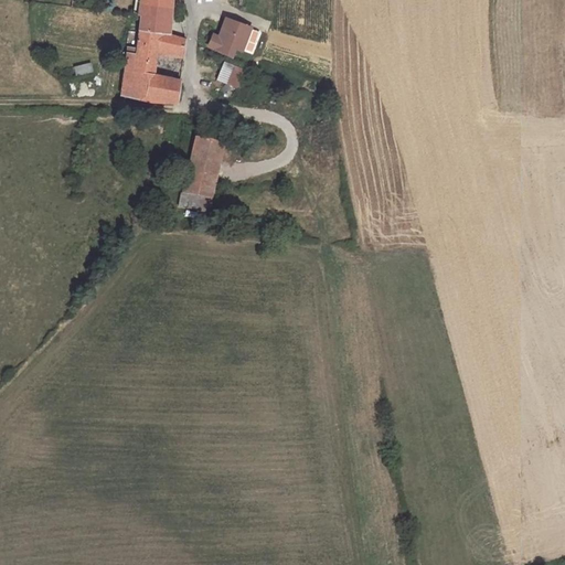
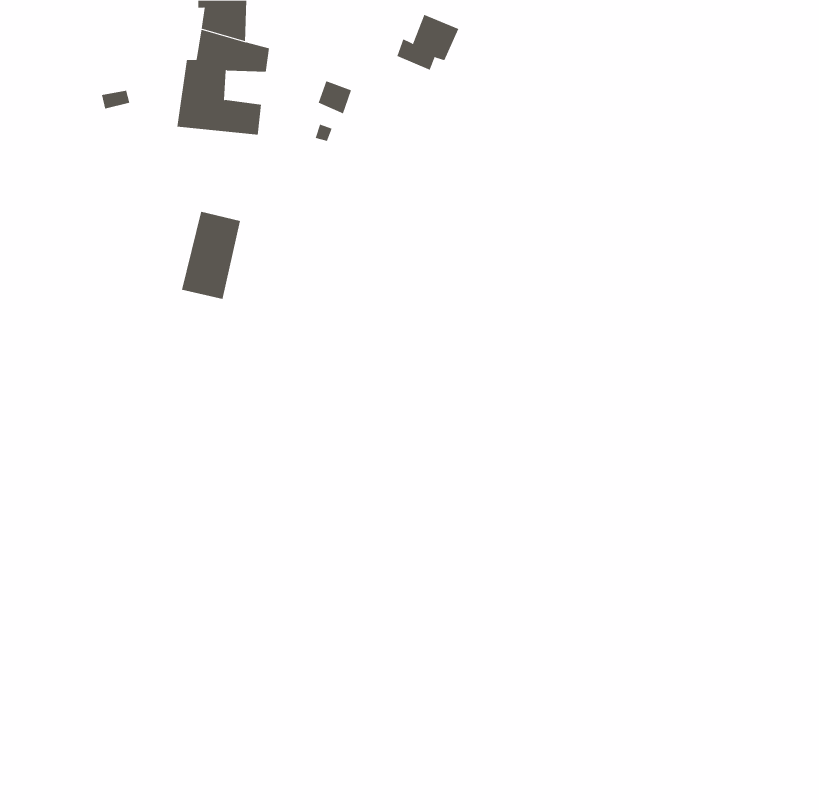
building: [209,17,252,55] -> [397,14,459,71]
building: [183,139,224,200] -> [181,211,241,300]

